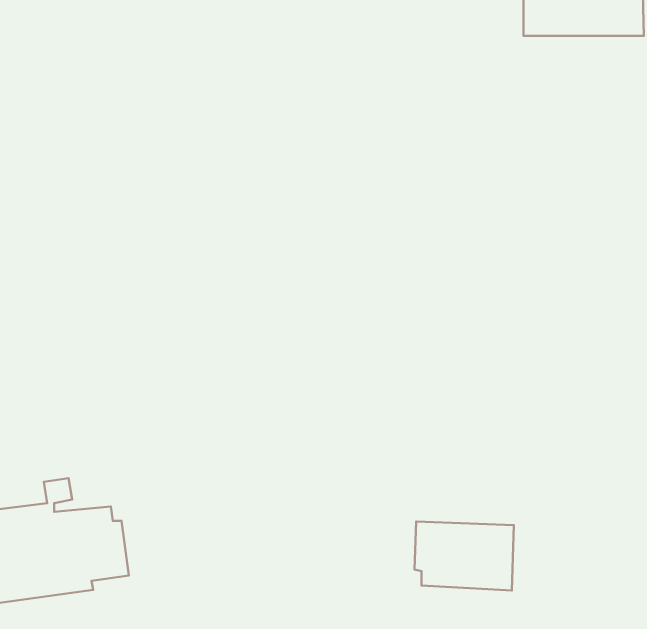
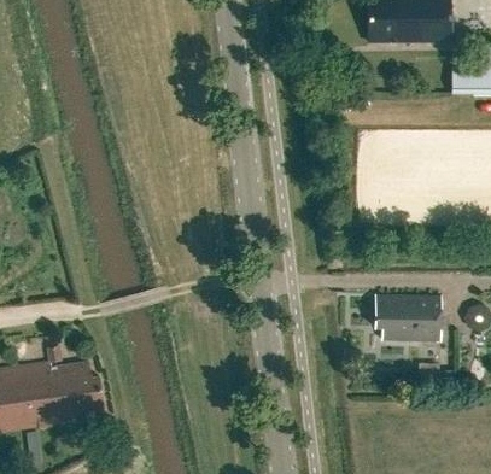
building: [415,522,514,591] -> [375,293,443,340]

